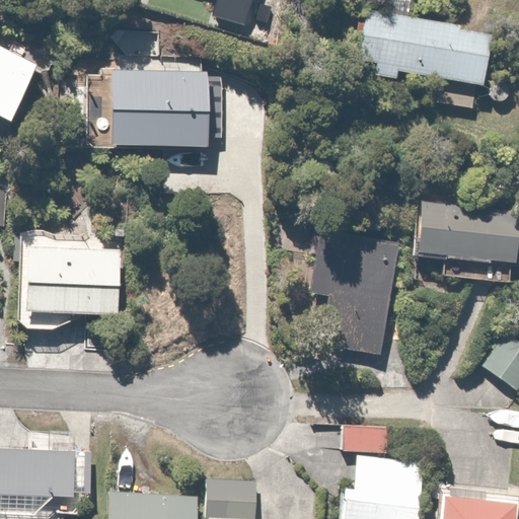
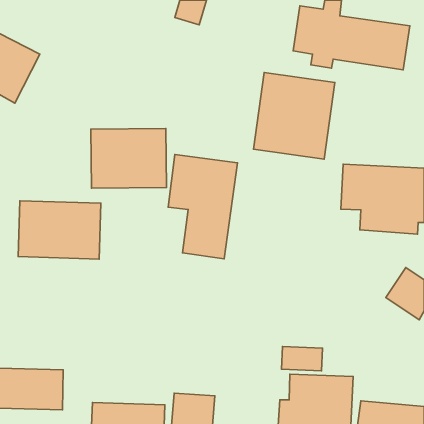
building: [113,71,205,144] -> [91,128,167,188]
building: none -> [254,72,335,159]
building: [311,230,395,357] -> [168,155,237,259]

